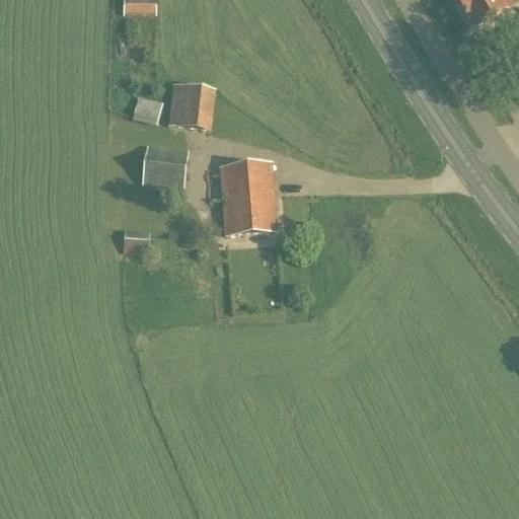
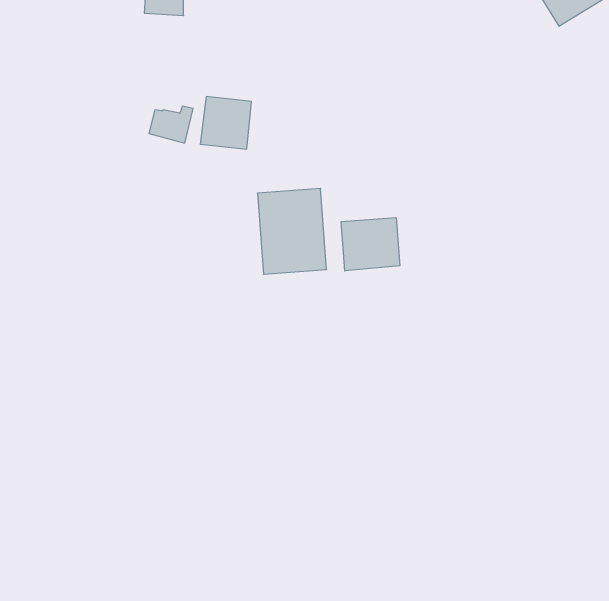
building: [143,143,188,187] -> none
building: none -> [341,218,400,271]
building: [124,227,149,252] -> none

